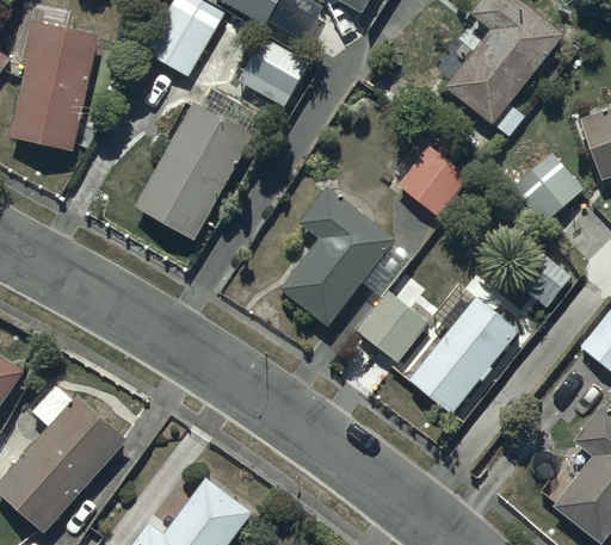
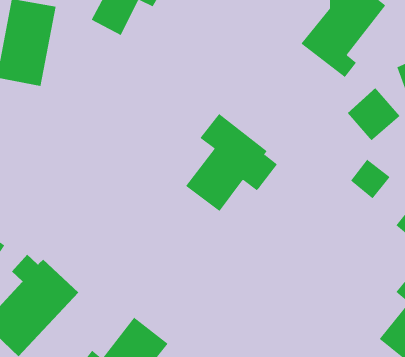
building: [236,37,307,105] -> none
building: [134,101,252,241] -> none
building: [396,143,468,215] -> none
building: [356,291,426,360] -> none
building: [407,295,519,414] -> none

